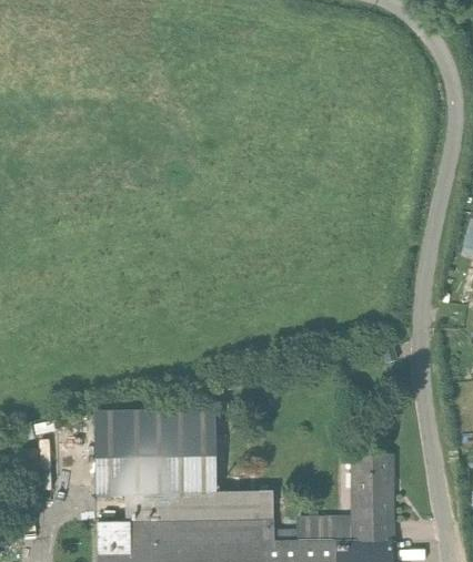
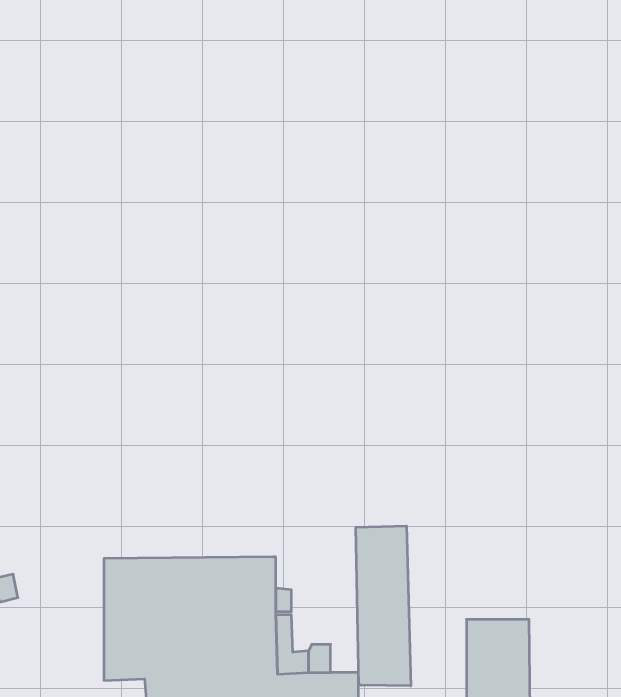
building: none -> [356,526,411,686]

